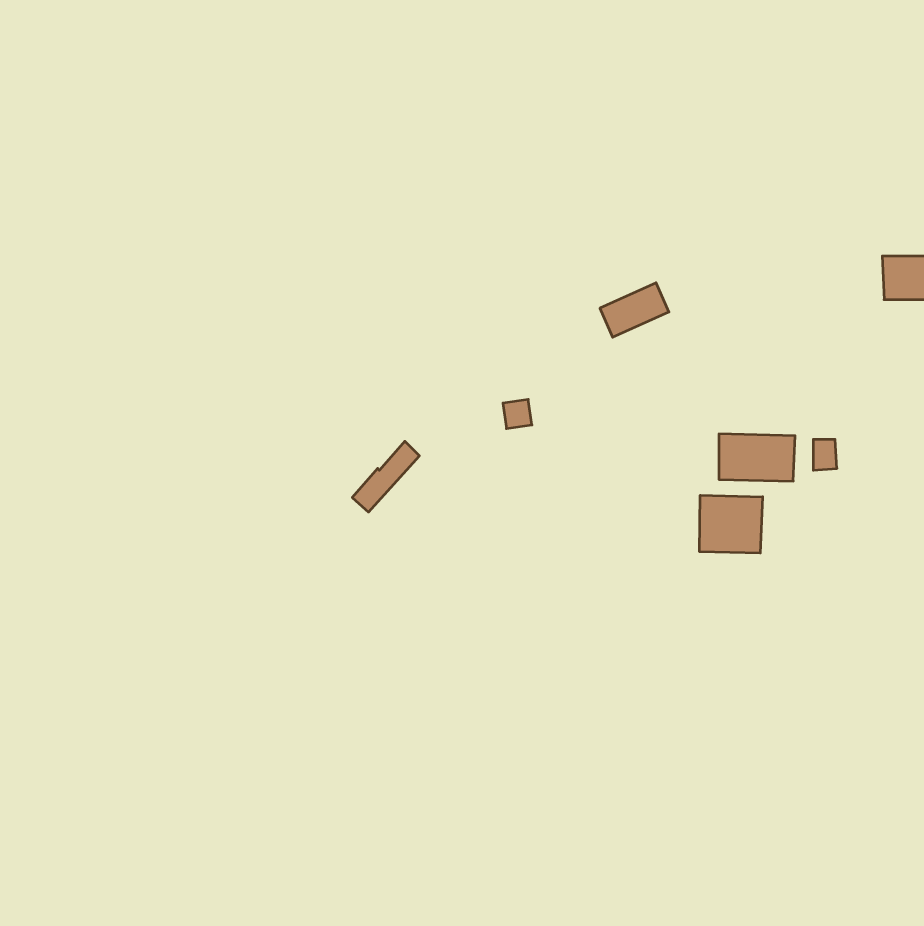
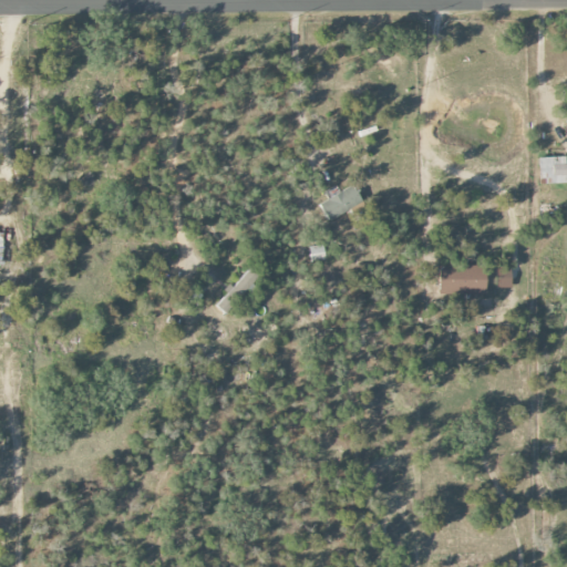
building: [600,283,669,337] -> [321,186,363,219]
building: [700,495,763,553] -> none

